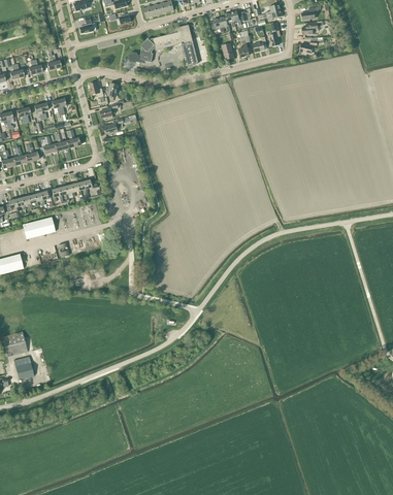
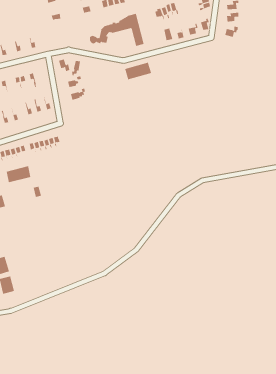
building: none -> [124,62,152,80]

